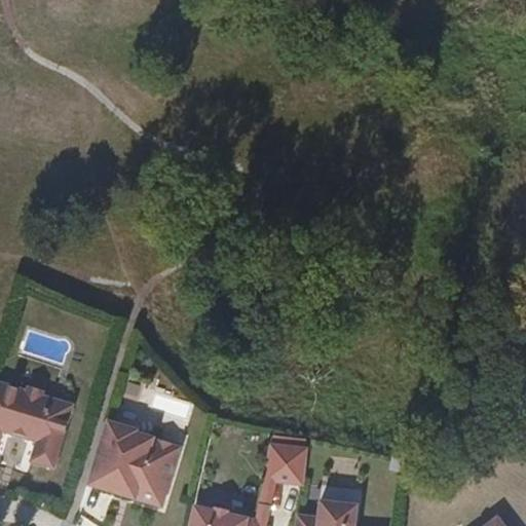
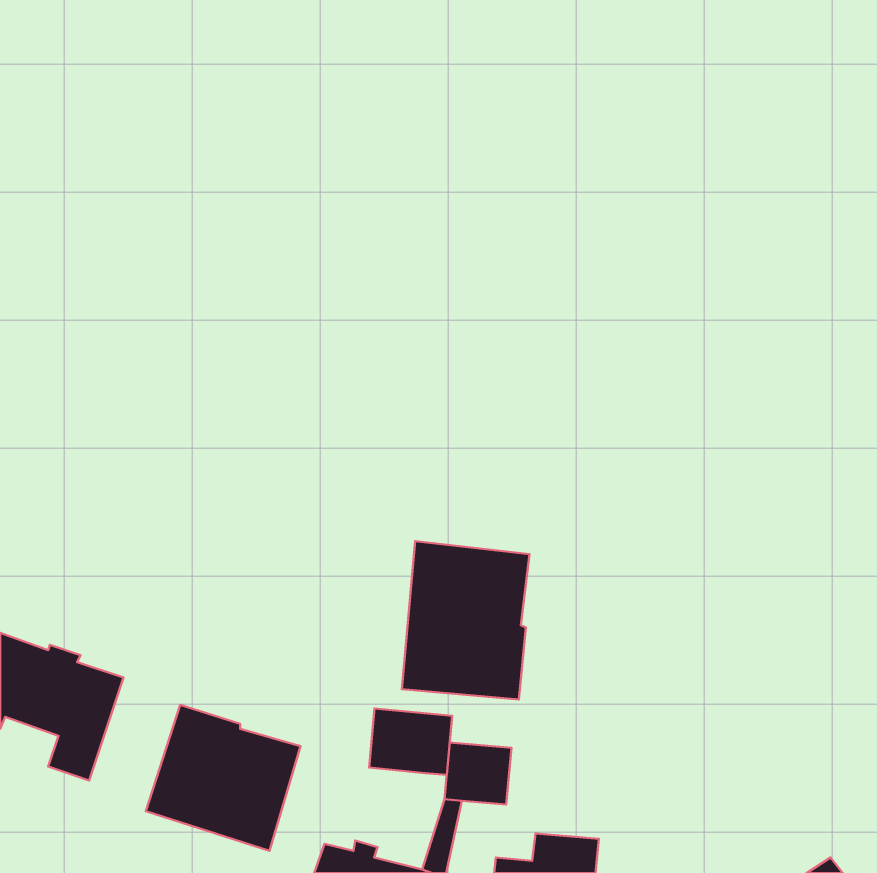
building: none -> [402,541,529,699]
building: none -> [369,708,452,775]

